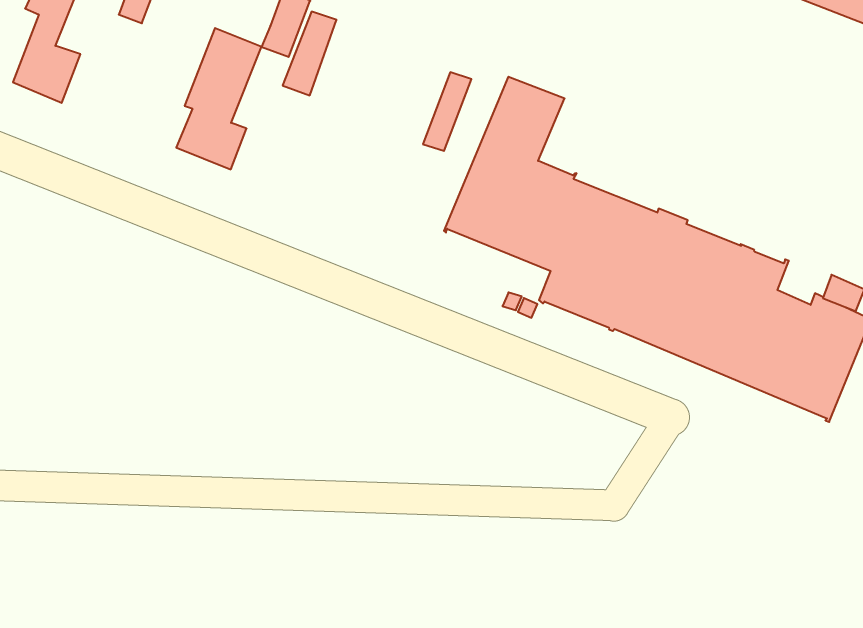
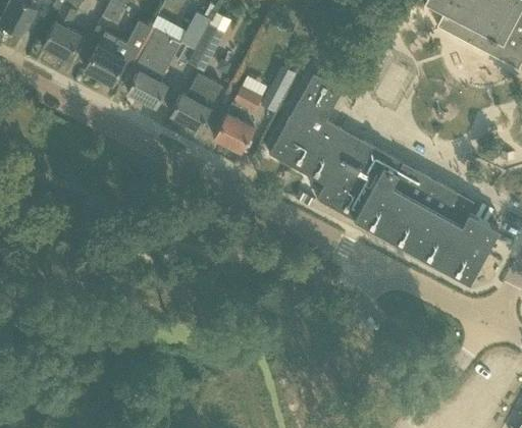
building: none -> [85,21,152,85]
building: none -> [214,77,267,153]
building: none -> [170,74,223,130]

